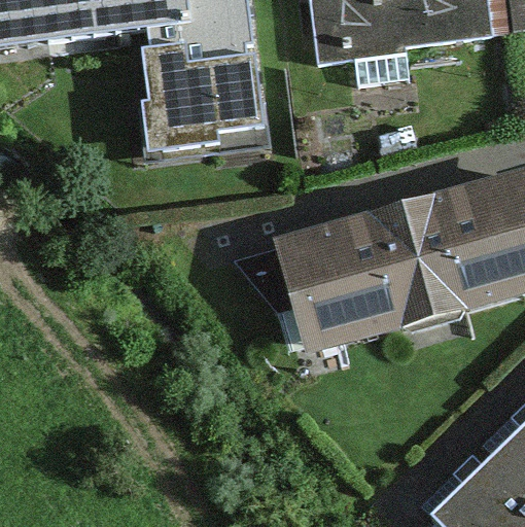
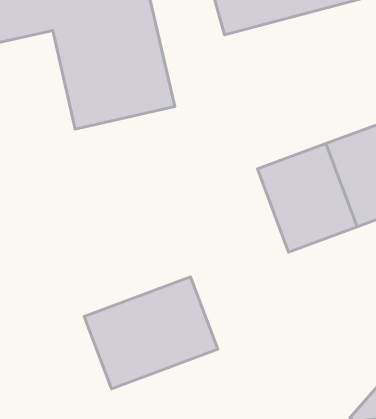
building: [275,218,382,338] -> none
building: none -> [84,277,218,389]

